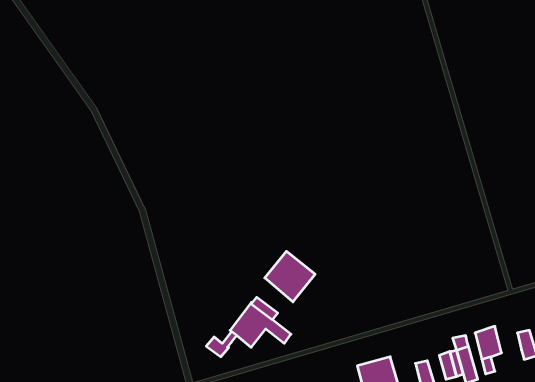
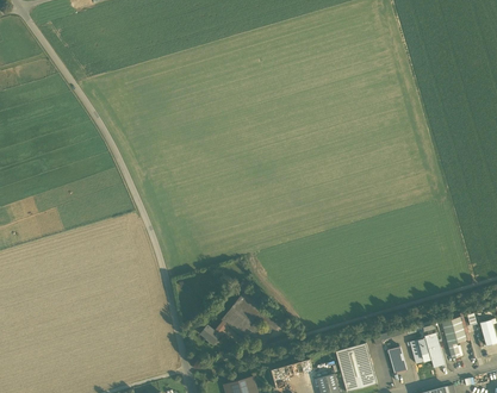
building: [265,251,315,302] -> none

